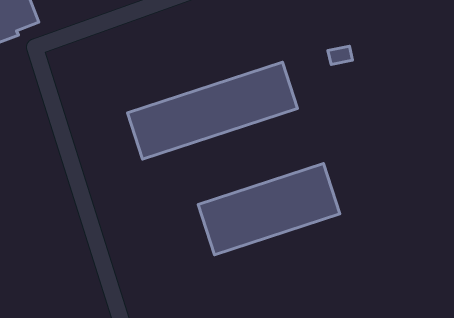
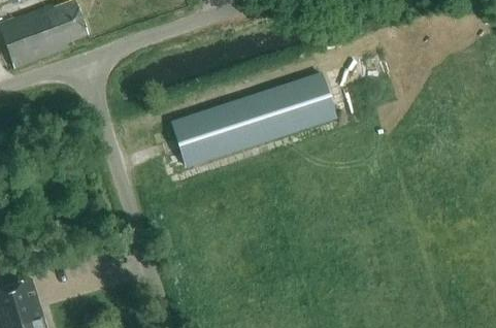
building: [198,164,340,255] -> none

